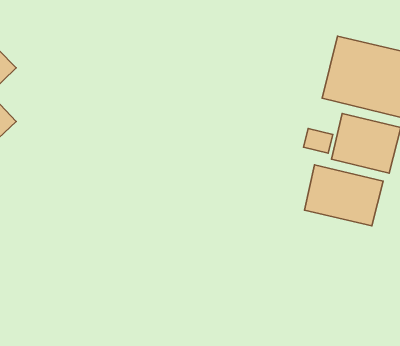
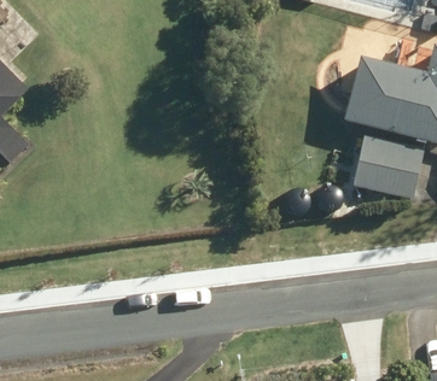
building: [305,165,383,226] -> none

